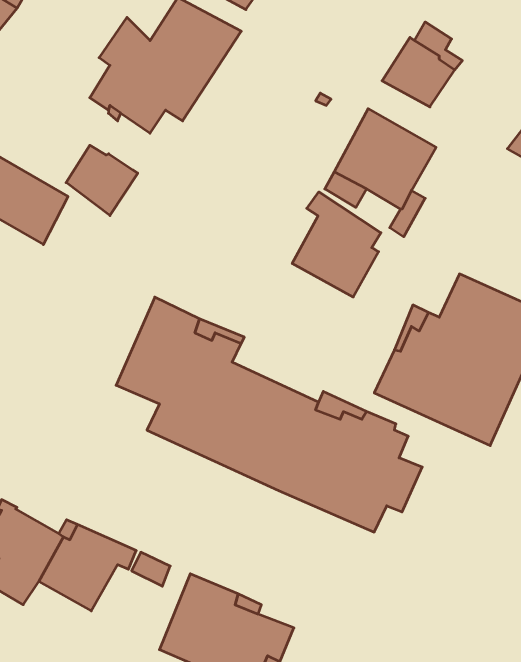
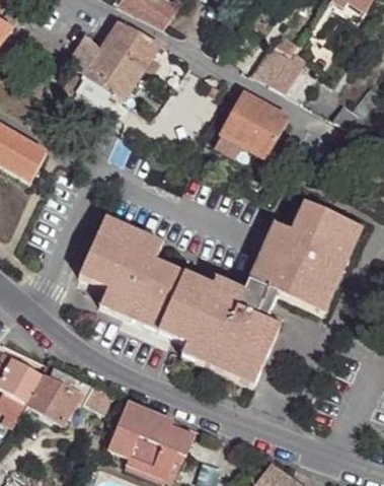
building: [66,145,138,216] -> none
building: [292,192,381,297] -> none

